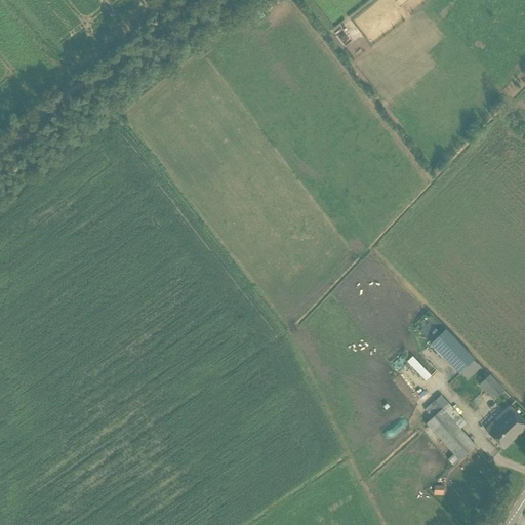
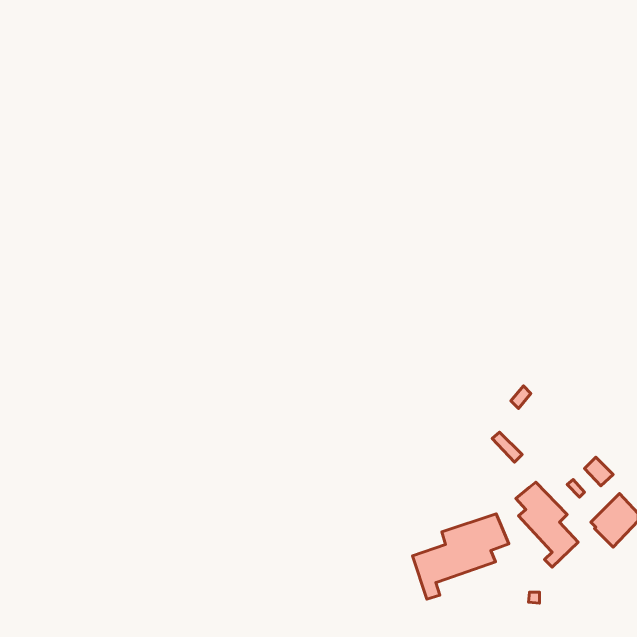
building: [431,329,475,373] -> none
building: none -> [413,514,509,599]

